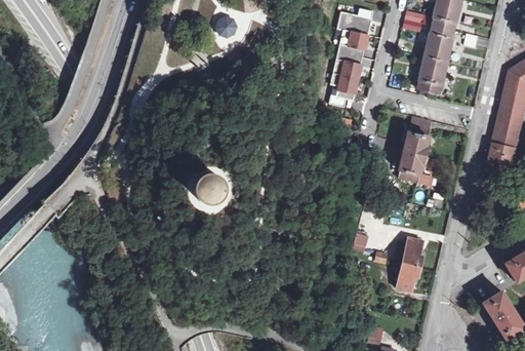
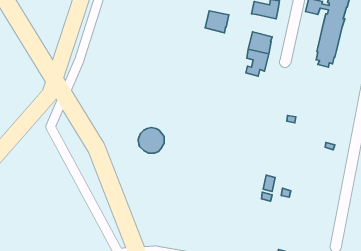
building: [338,30,368,57] -> [205,11,229,33]
building: [399,114,432,182] -> none
building: [398,236,425,284] -> none

